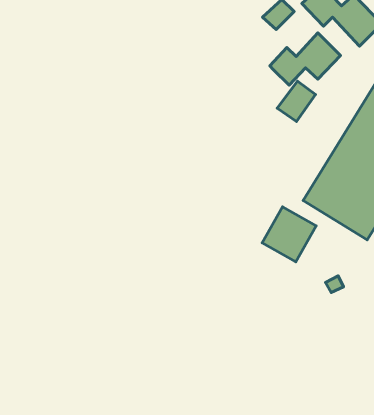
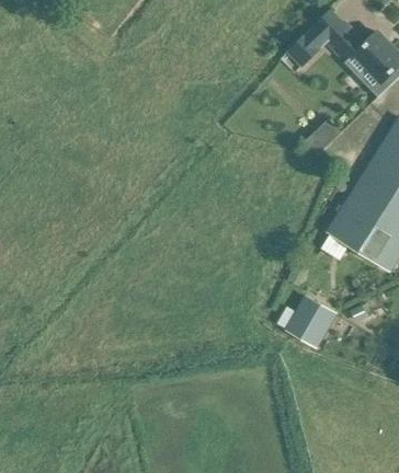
building: [270,33,341,85] -> none
building: [262,207,316,262] -> [284,295,337,348]

